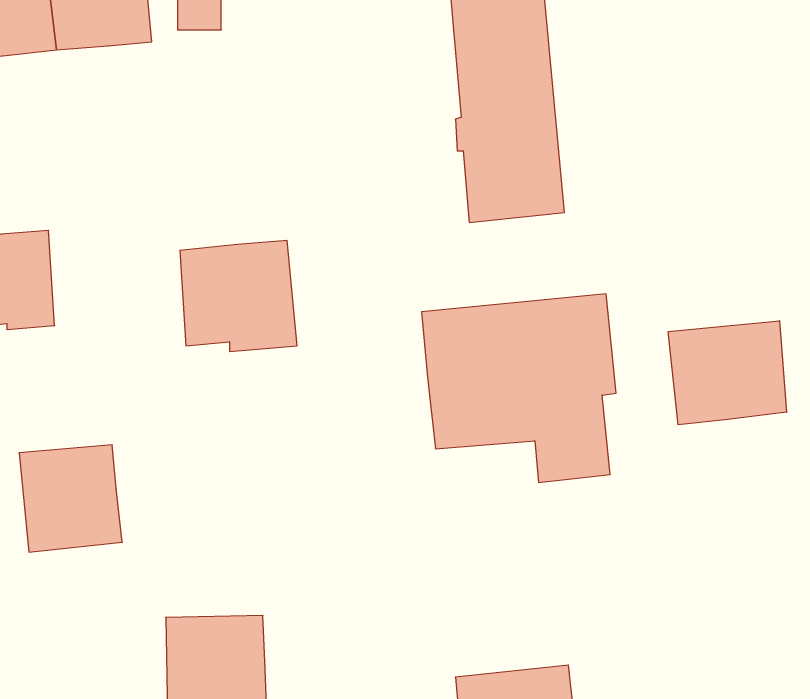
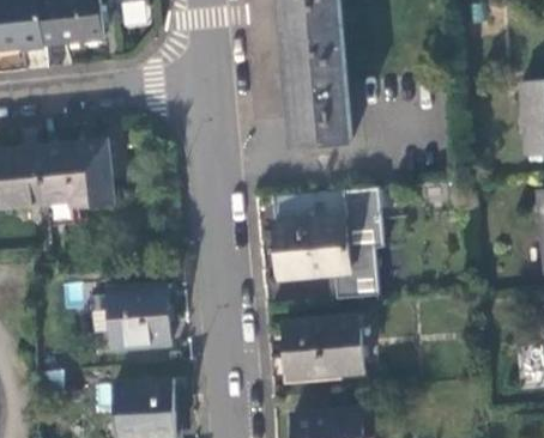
building: [180,240,297,352] -> [42,144,113,211]
building: [668,321,787,425] -> none
building: [19,445,122,552] -> [109,287,171,352]
building: none -> [279,320,359,382]

